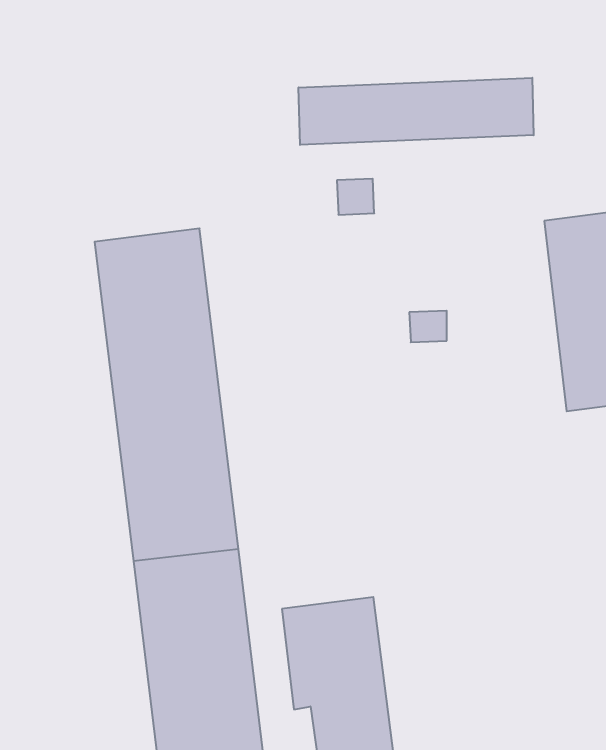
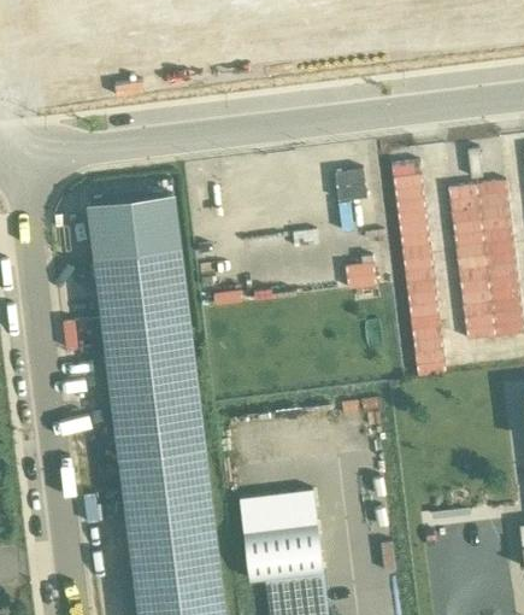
building: [299,78,534,145] -> none
building: [337,179,374,215] -> [334,168,364,197]
building: none -> [390,163,446,376]

